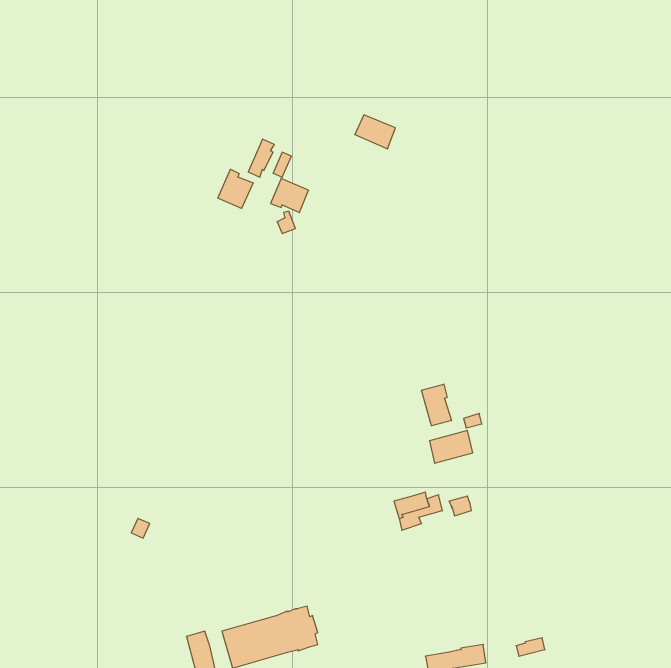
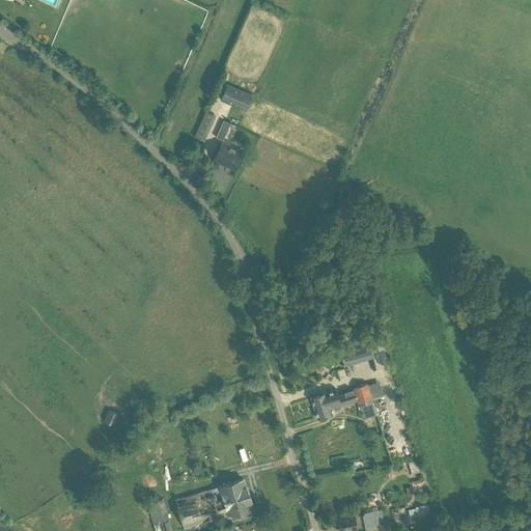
building: [355,115,395,149] -> [220,86,252,113]
building: [218,169,253,208] -> none
building: [421,384,451,426] -> none
building: none -> [346,382,383,406]

